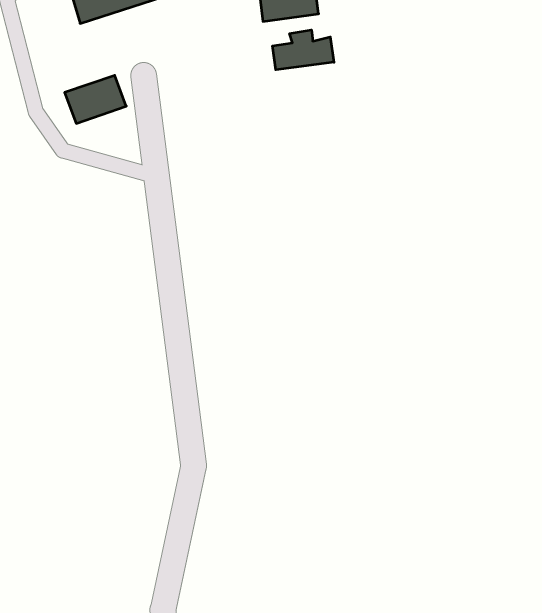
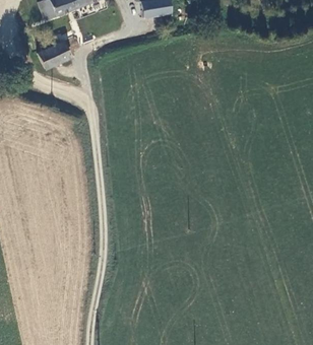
building: [273,30,334,70] -> none

